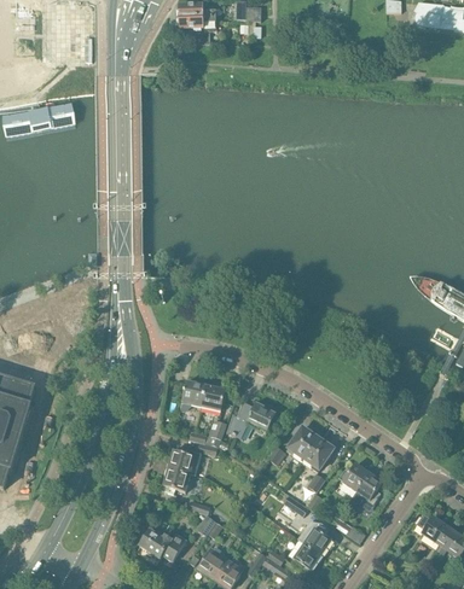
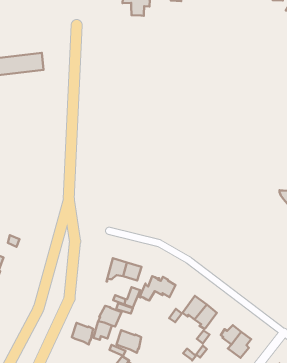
building: none -> [72,323,93,344]
building: none -> [116,330,141,353]

